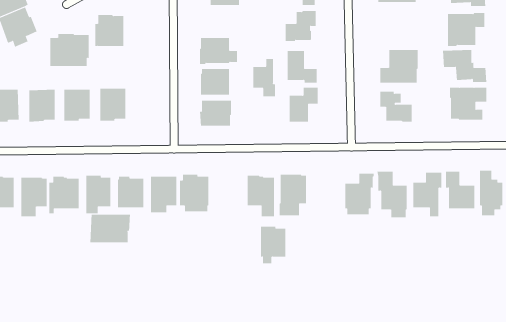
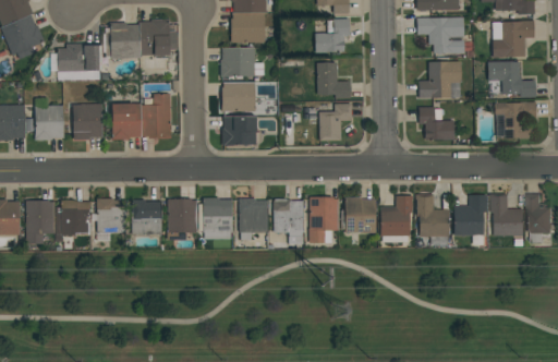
building: none -> [231,13,265,43]
building: none -> [416,17,464,53]
building: none -> [140,20,178,58]
building: [253,58,276,97] -> none
building: none -> [142,94,171,138]
building: none -> [341,197,376,233]
building: [90,214,131,243] -> none
building: [260,226,286,264] -> [239,198,267,240]

